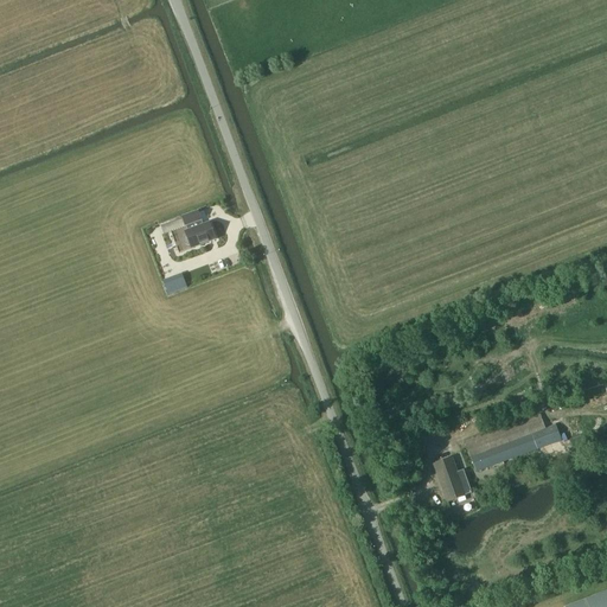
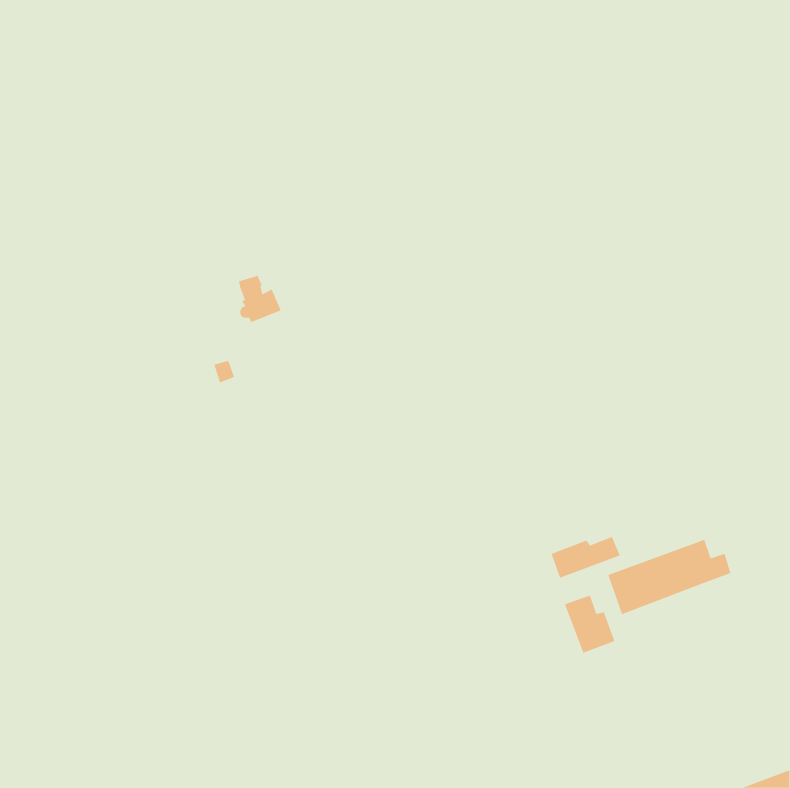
building: none -> [551,536,620,579]

